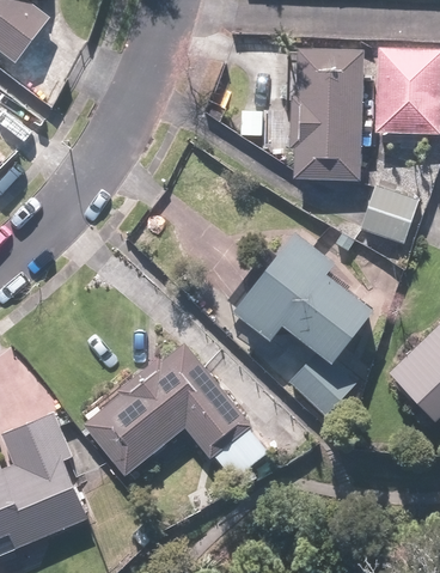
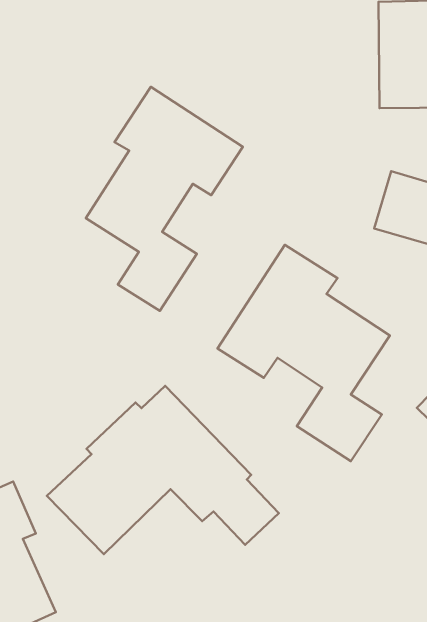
building: [280,50,363,182] -> none
building: none -> [86,87,243,311]

